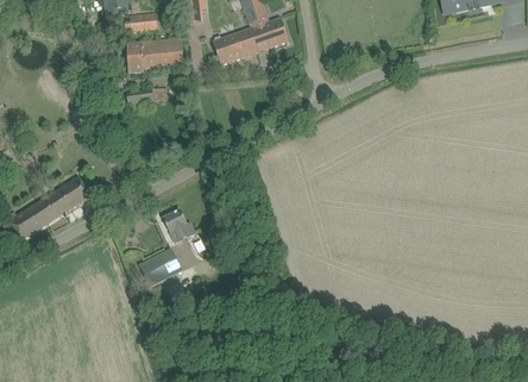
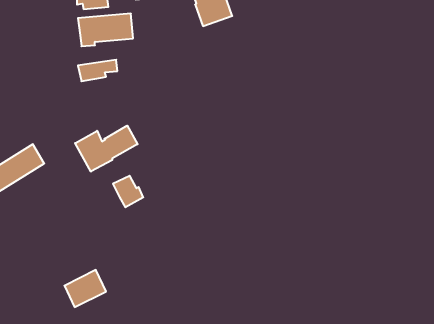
building: [212,29,257,64] -> none
building: none -> [75,126,138,172]
building: [138,248,182,287] -> [64,270,106,307]

